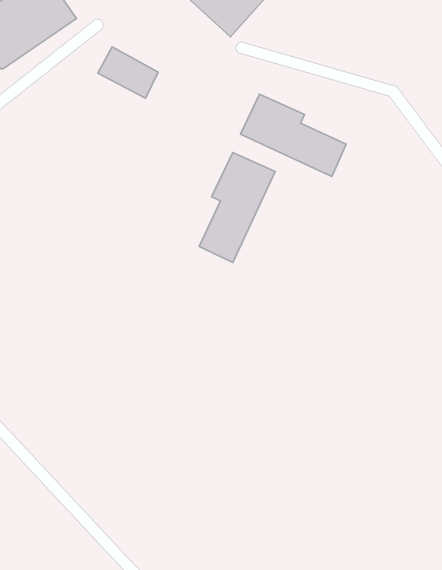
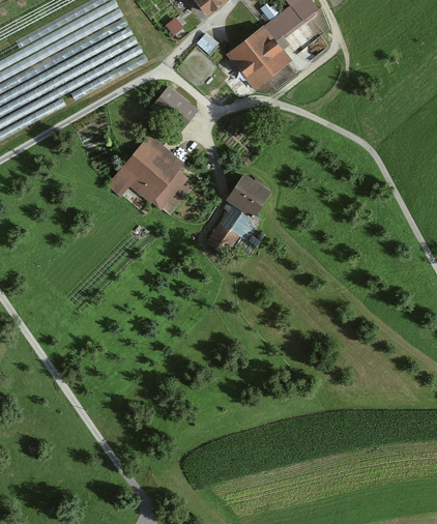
building: [240,94,346,177] -> none
building: none -> [107,138,190,207]

